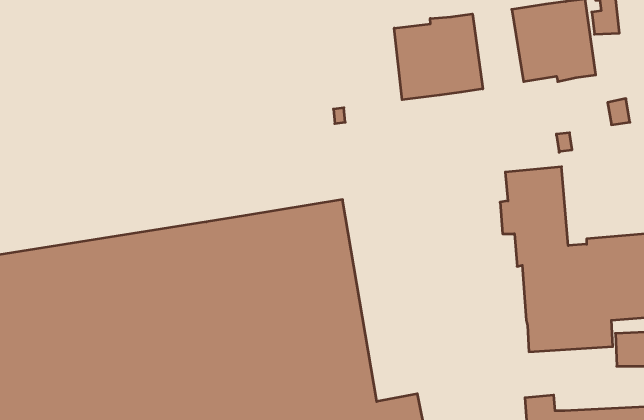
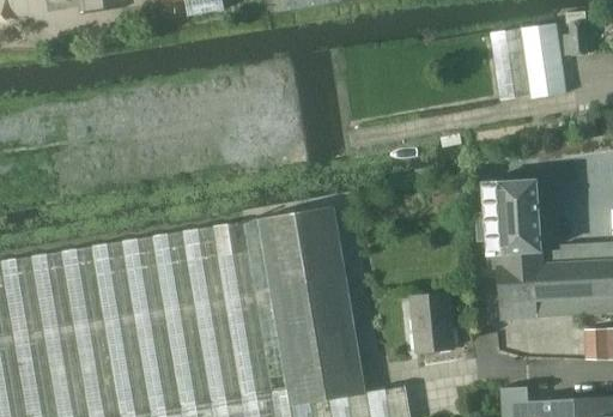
building: [394,14,483,100] -> none
building: none -> [409,294,453,352]

